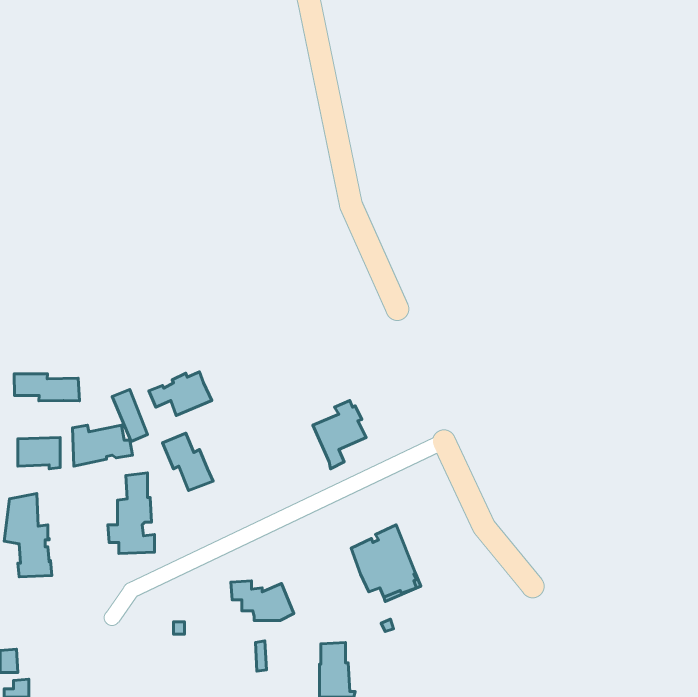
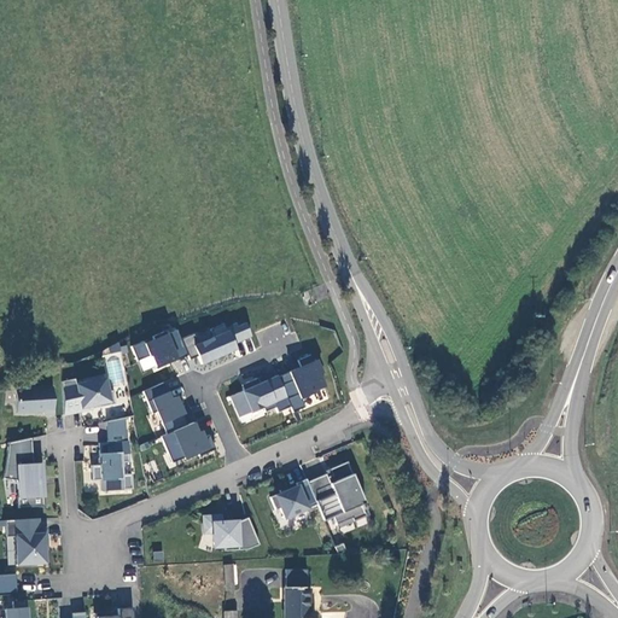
building: none -> [180,322,250,363]
building: [14,374,79,401] -> none
building: none -> [229,374,291,419]
building: none -> [161,422,215,464]
building: none -> [272,480,319,520]
building: none -> [5,518,47,564]

